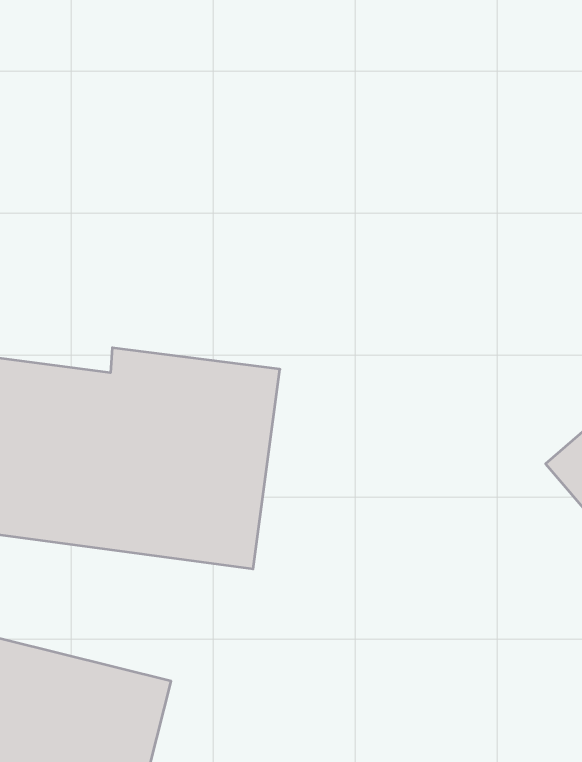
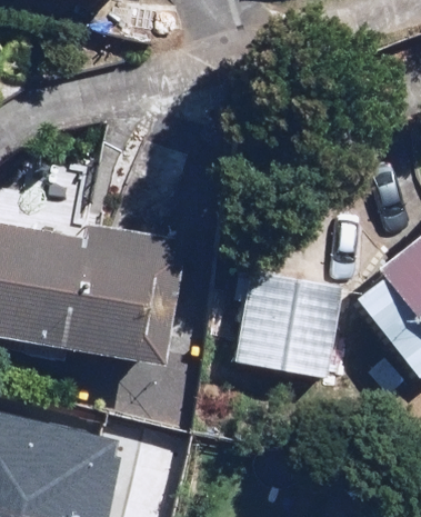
building: none -> [231,267,344,377]

